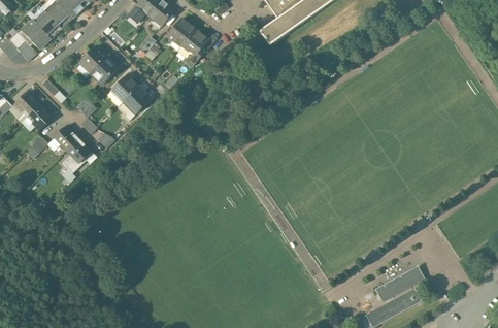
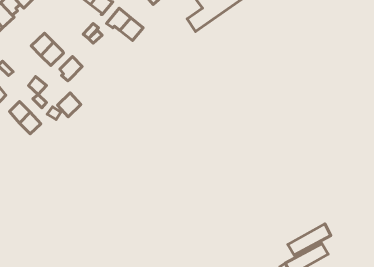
building: [124,85,151,112] -> [57,93,81,117]

